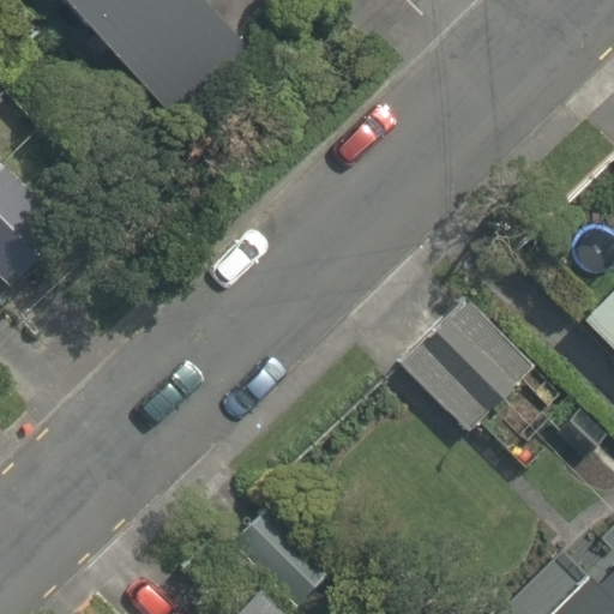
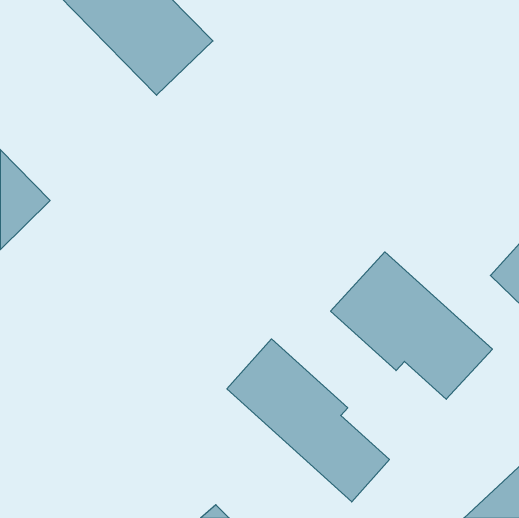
building: none -> [227,339,389,502]

